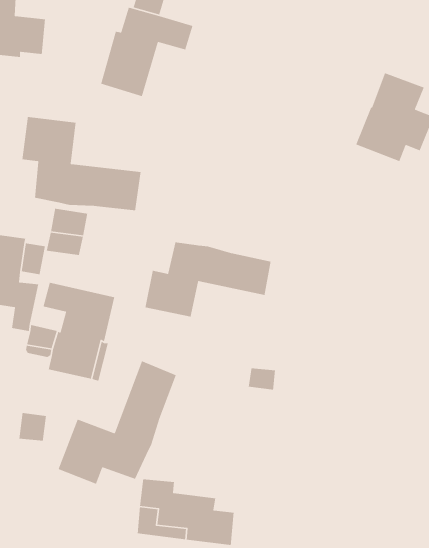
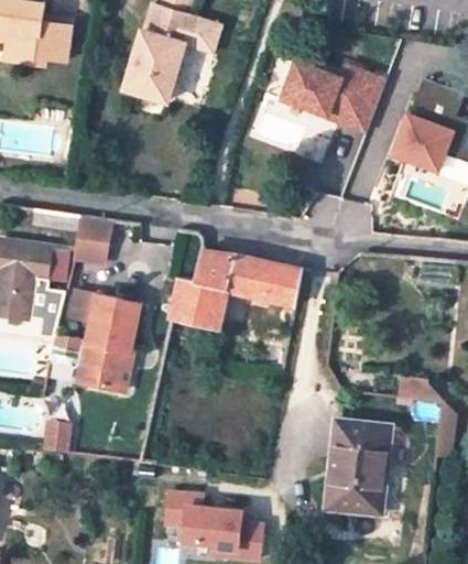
building: none -> [274,59,378,129]
building: [21,116,142,211] -> none
building: [58,360,177,485] -> none
building: none -> [326,426,388,516]

